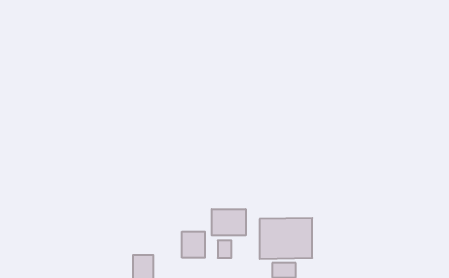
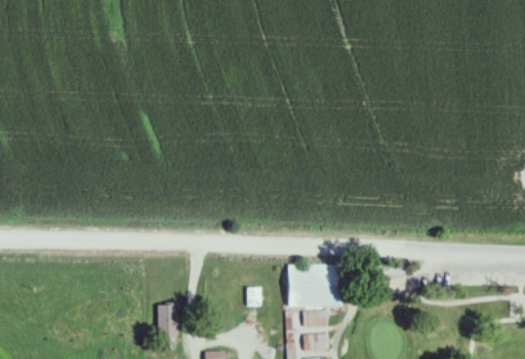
building: [212,209,246,235] -> none
building: [182,232,205,258] -> none

